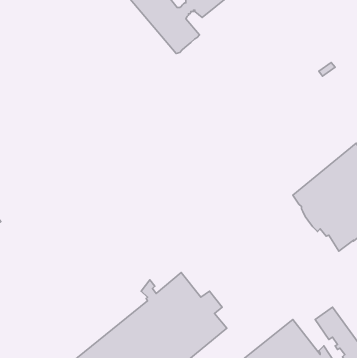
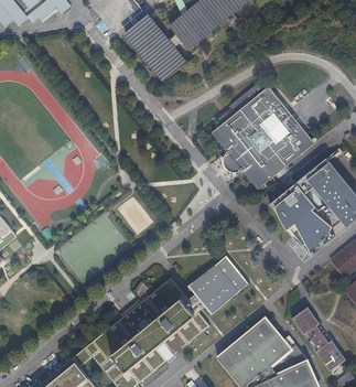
building: none -> [212,85,317,190]
building: none -> [186,254,250,315]

